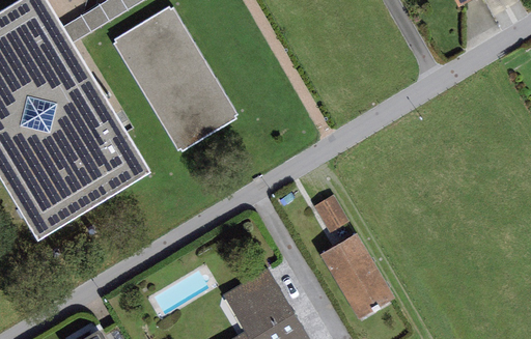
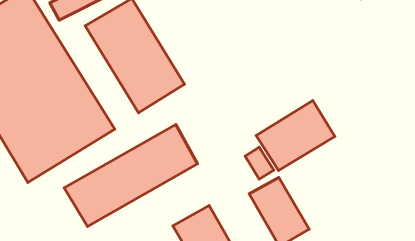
building: none -> [256,101,335,171]
building: none -> [64,124,197,227]

